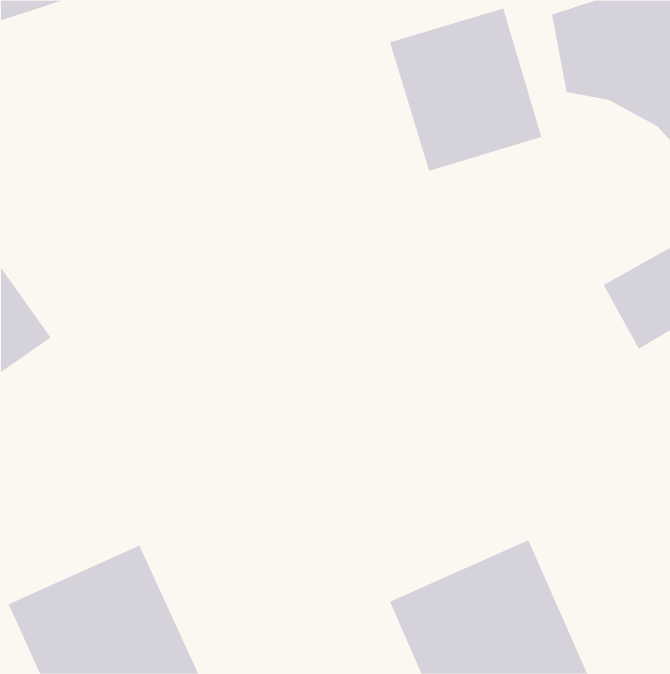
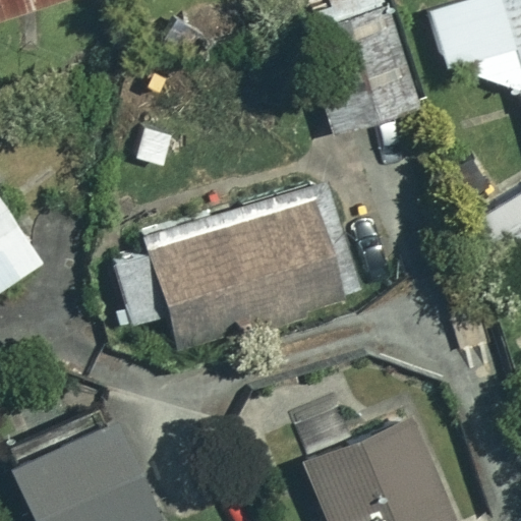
building: none -> [116,198,353,344]

